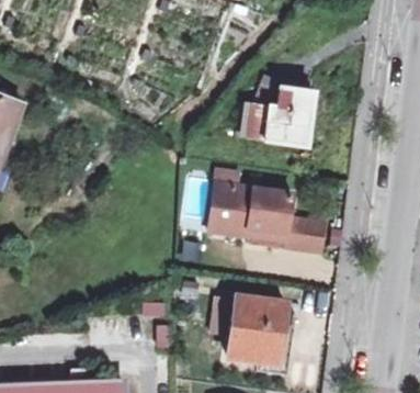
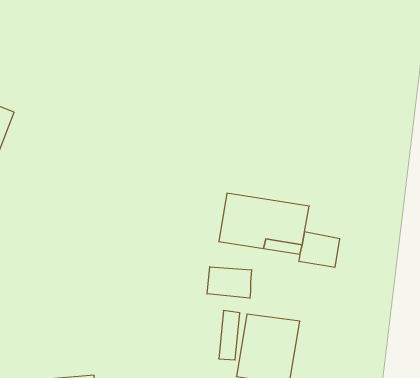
building: [239,85,320,151] -> none
building: none -> [207,267,252,298]

